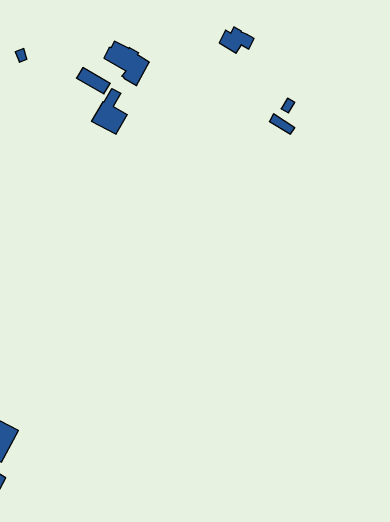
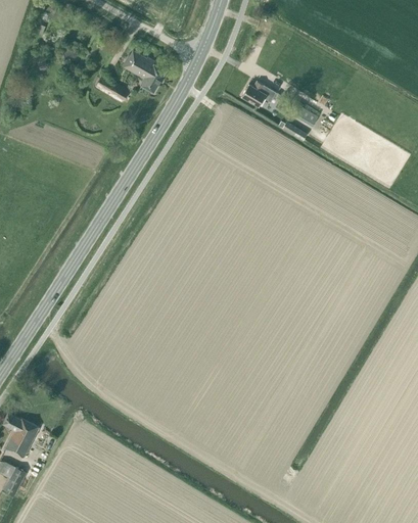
building: [219,27,254,53] -> [241,81,275,106]
building: [92,89,127,134] -> none

